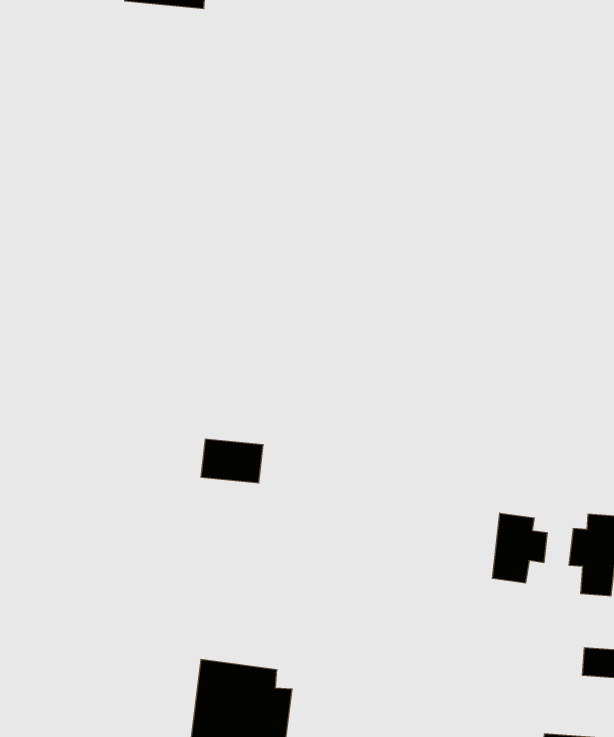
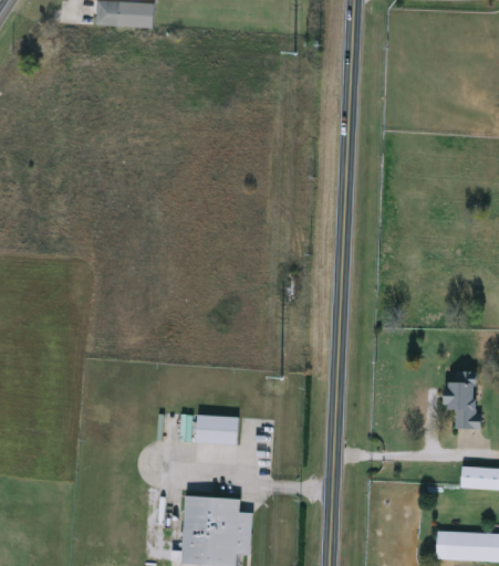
building: [201,439,263,483] -> [195,416,238,444]
building: [492,513,547,583] -> none

